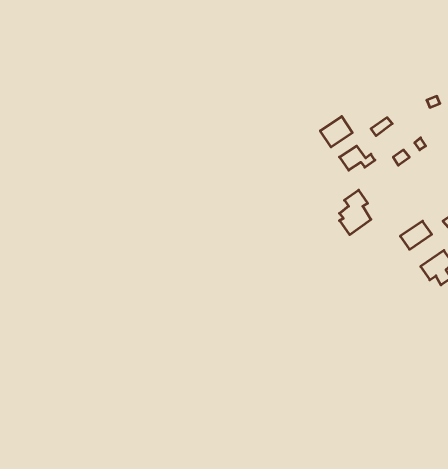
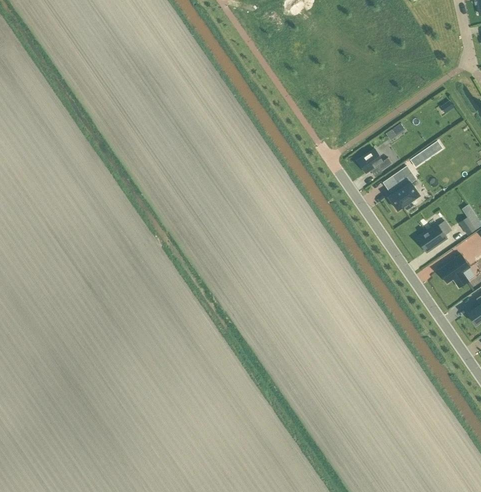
building: [320,116,352,147] -> none
building: [339,190,371,235] -> [388,165,419,209]

